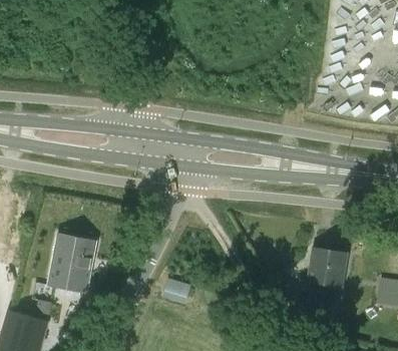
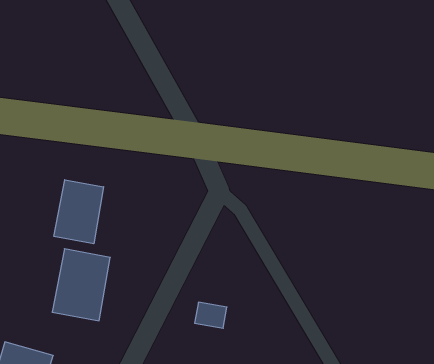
building: none -> [54,180,104,244]
building: [300,247,348,314] -> none

